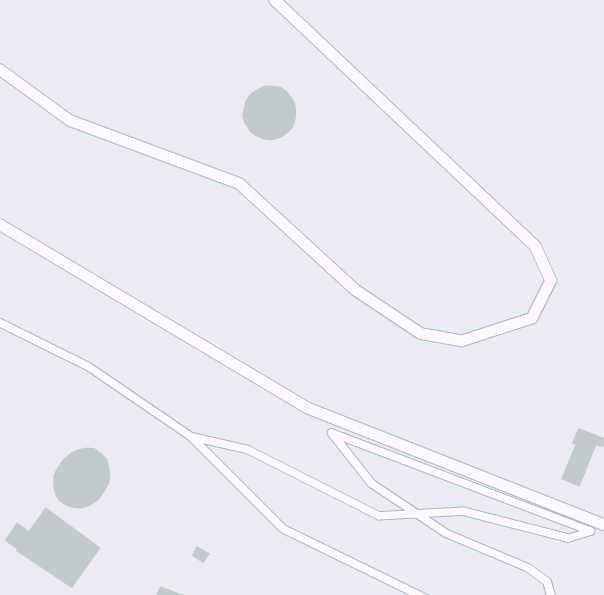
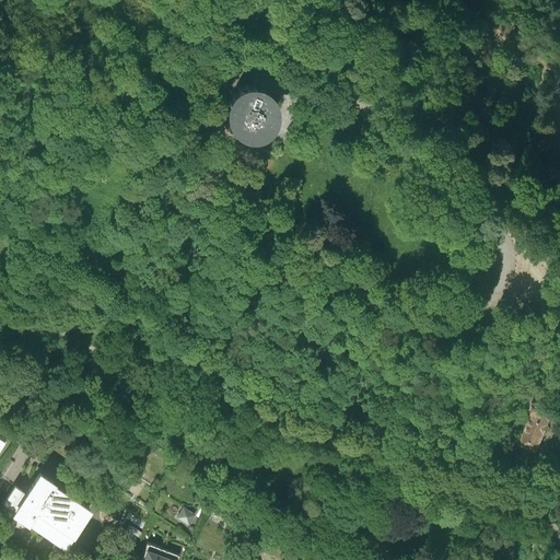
building: [53,447,111,509] -> none

